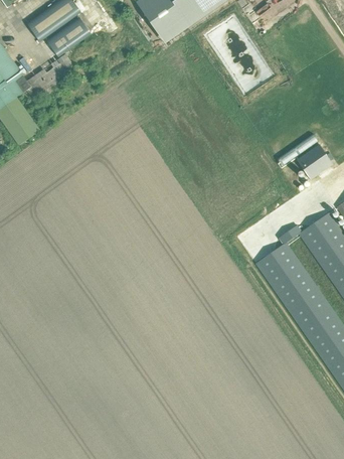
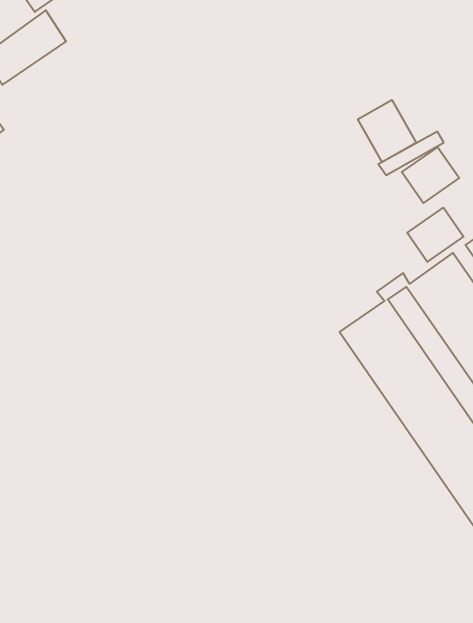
building: none -> [358,100,416,162]
building: none -> [407,208,464,262]

